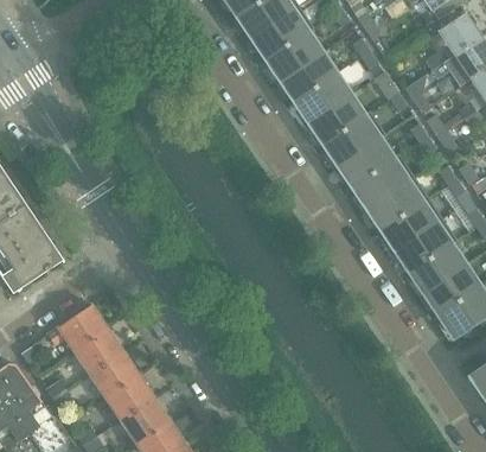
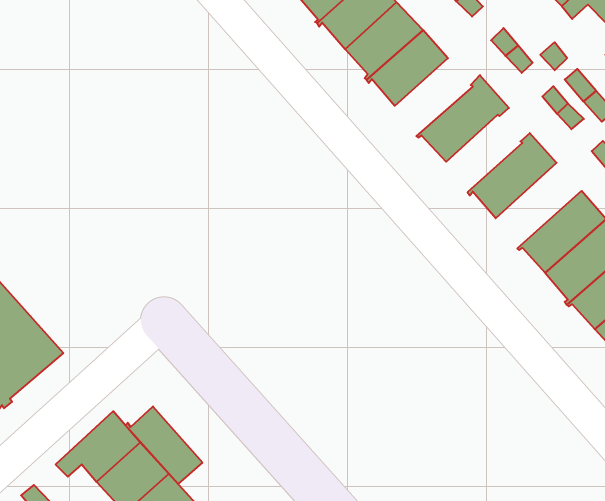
building: [309,96,364,146] -> none
building: [339,139,392,189] -> none
building: [367,177,428,231] -> none
building: none -> [126,406,202,484]

